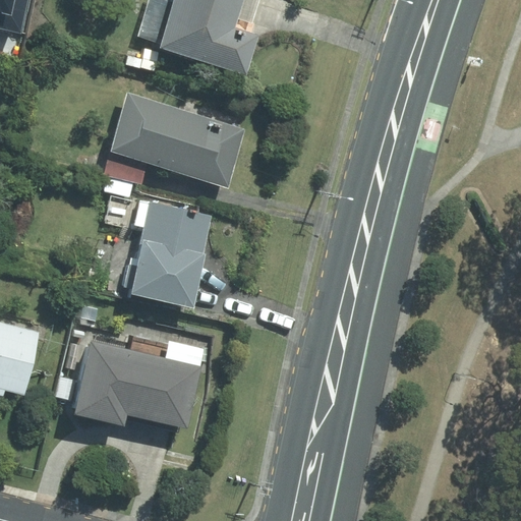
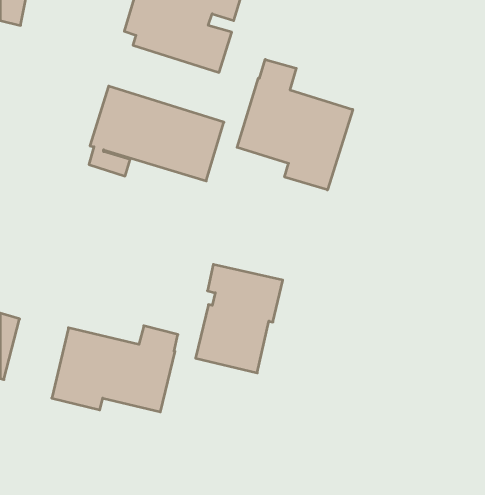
building: none -> [237,59,353,190]
building: [126,196,217,309] -> [196,264,283,373]

